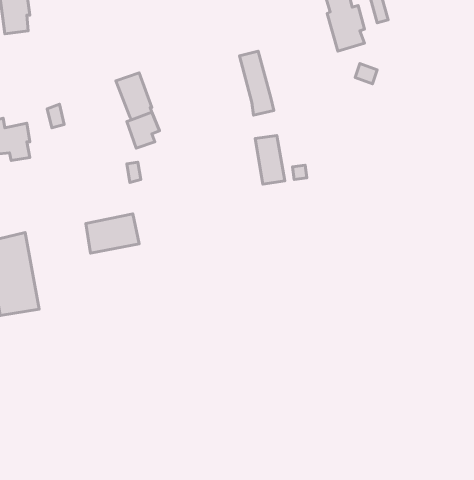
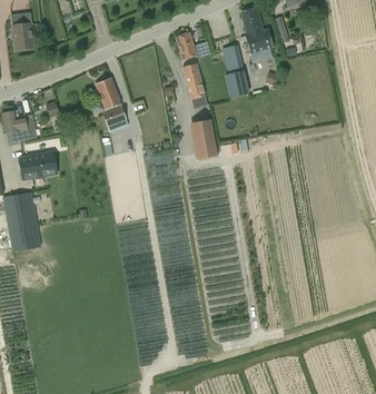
building: none -> [176,32,205,59]
building: none -> [224,45,249,97]
building: [86,214,139,253] -> [20,151,58,179]

